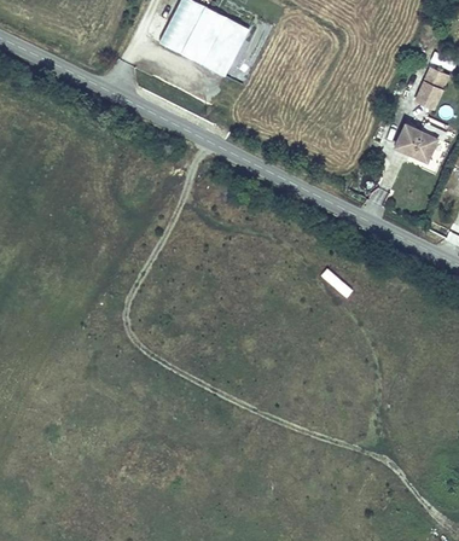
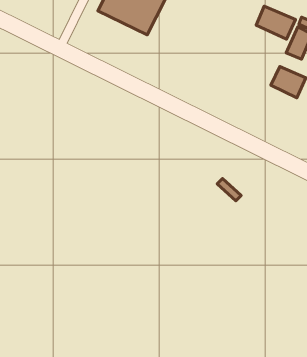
building: none -> [256,6,295,39]

